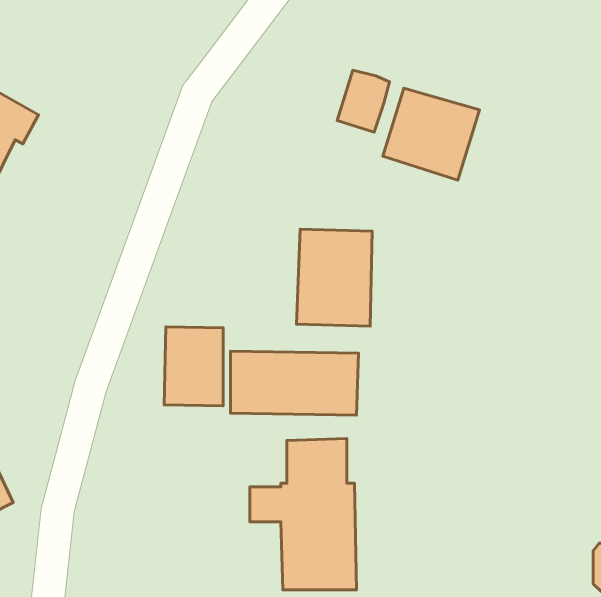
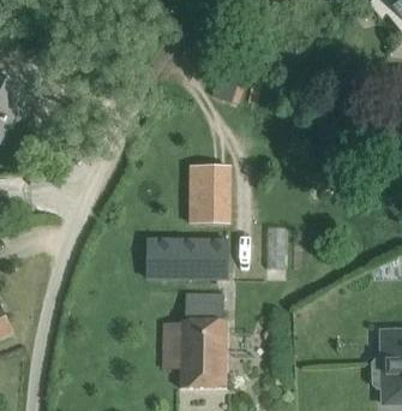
building: [383,88,479,180] -> none
building: [164,327,223,406] -> none

